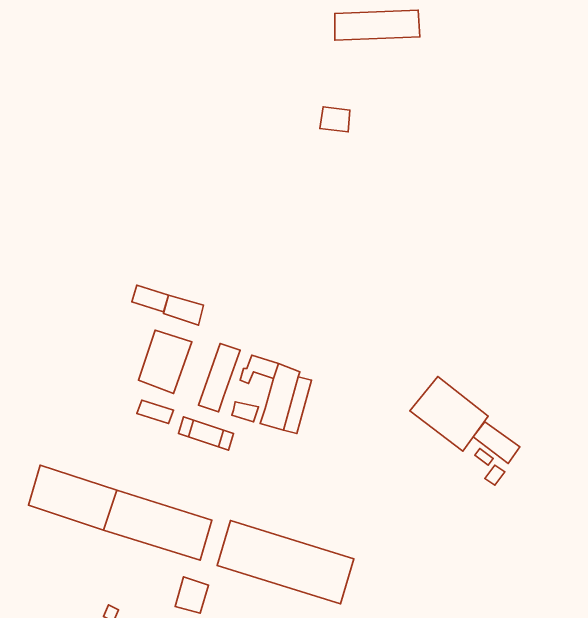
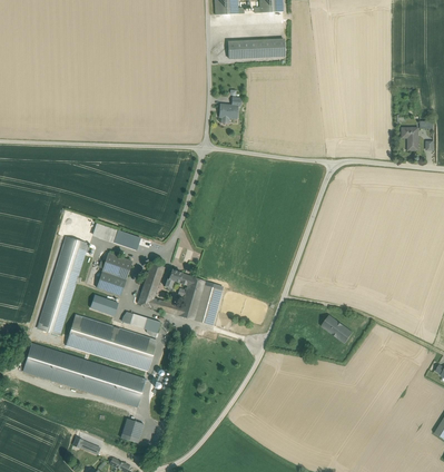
building: none -> [38,237,87,335]
building: [410,377,488,451] -> none
building: [217,521,354,604] -> [66,315,157,371]

